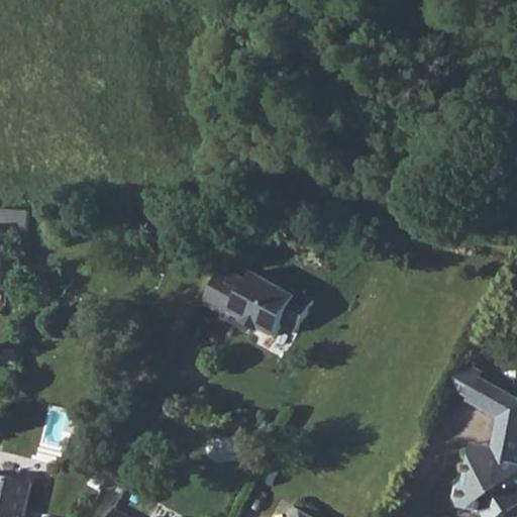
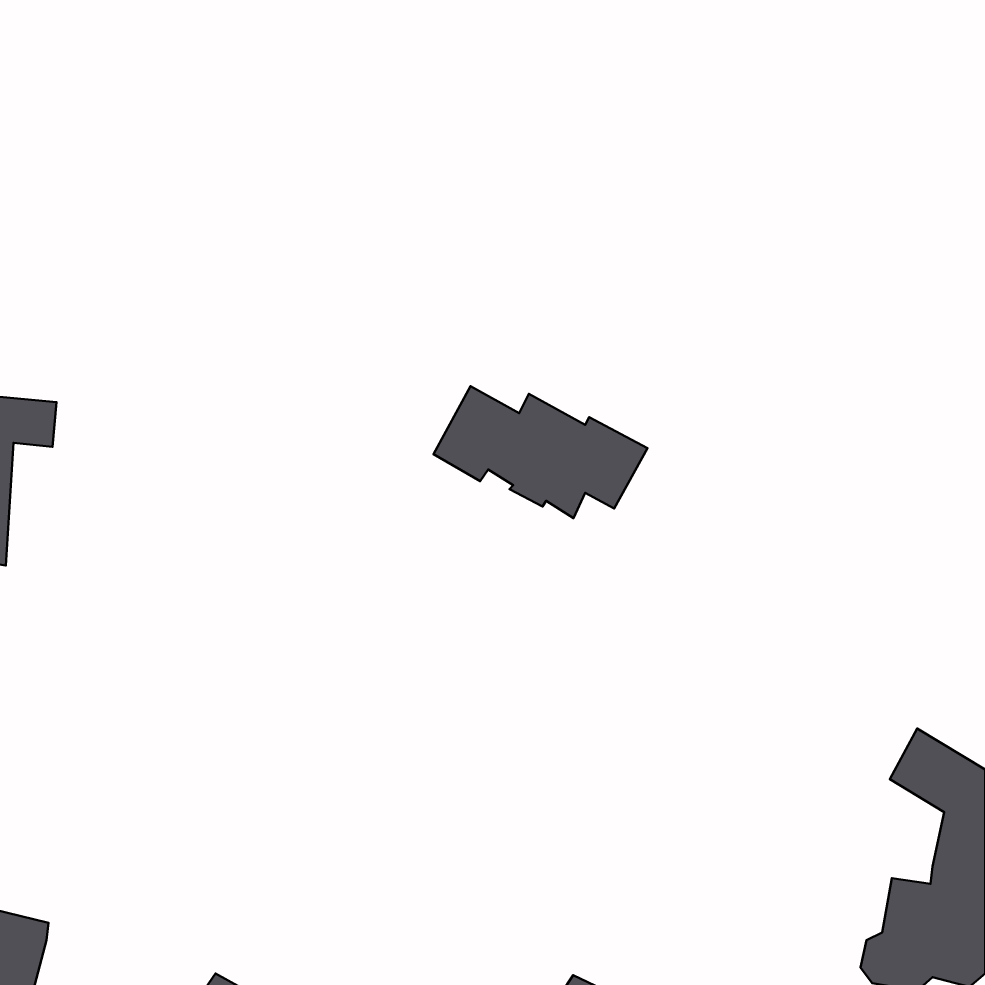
building: [205,261,316,329] -> [434,386,647,518]

